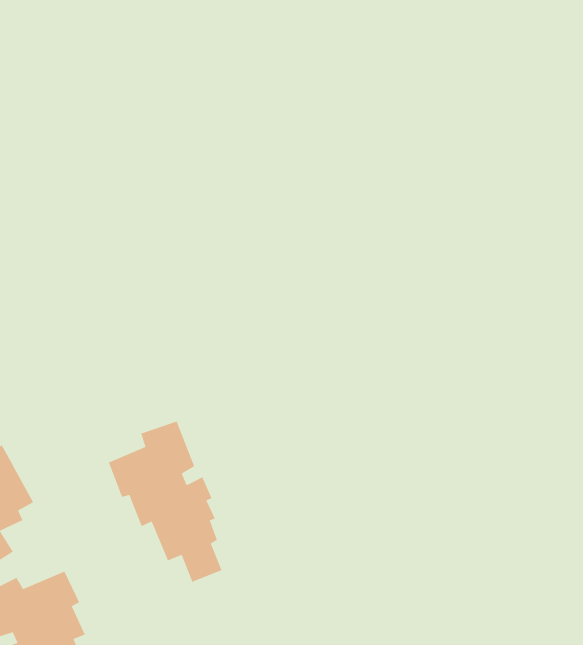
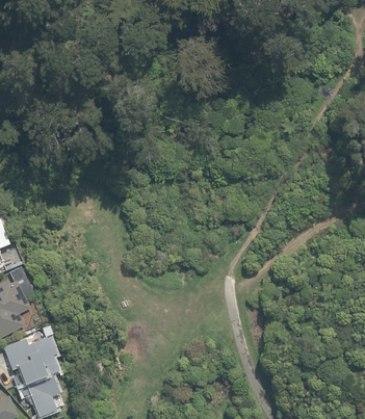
building: [108,421,223,583] -> none

